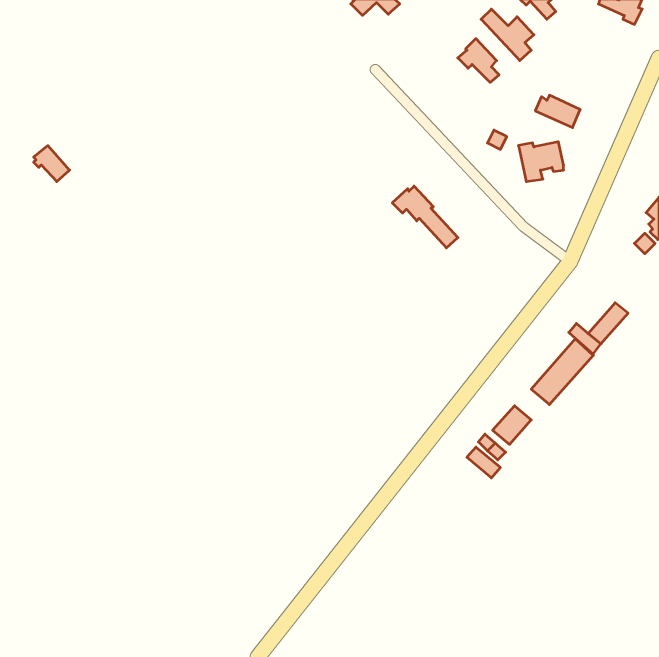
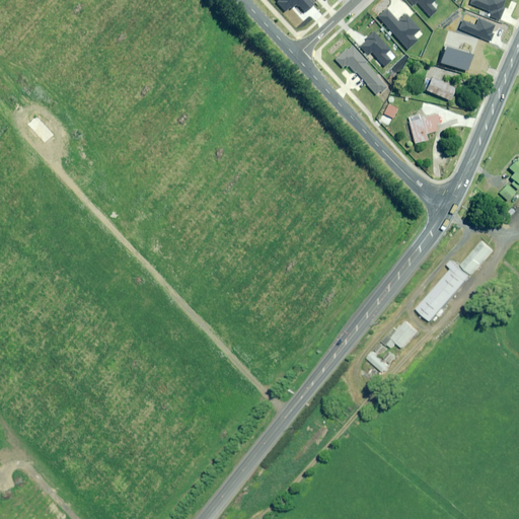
building: none -> [459,17,495,41]
building: none -> [441,46,474,70]
building: [392,186,458,248] -> [336,45,387,93]

